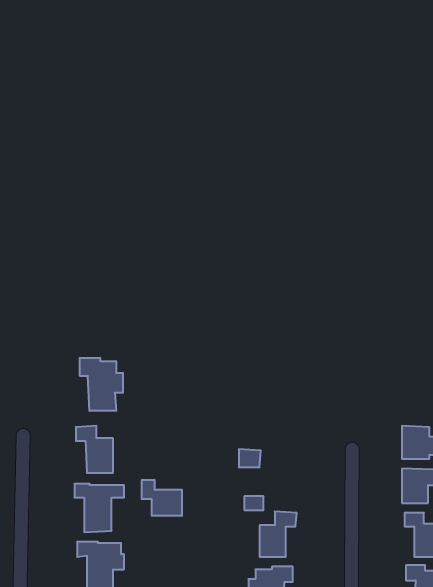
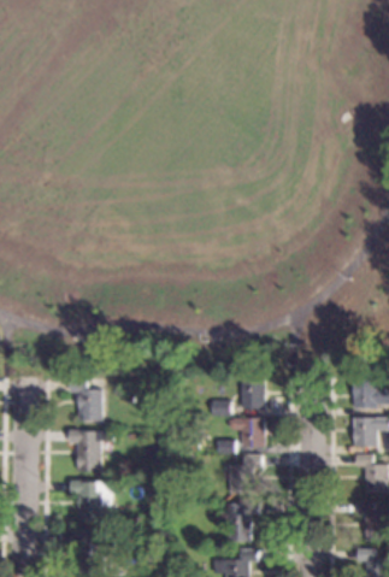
building: [80,358,123,411] -> none
building: none -> [241,381,265,410]
building: none -> [241,418,265,447]
building: [142,480,182,516] -> none

